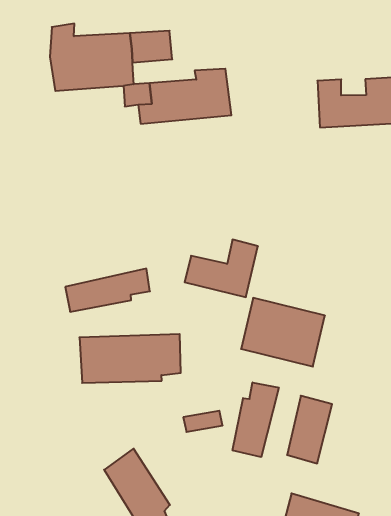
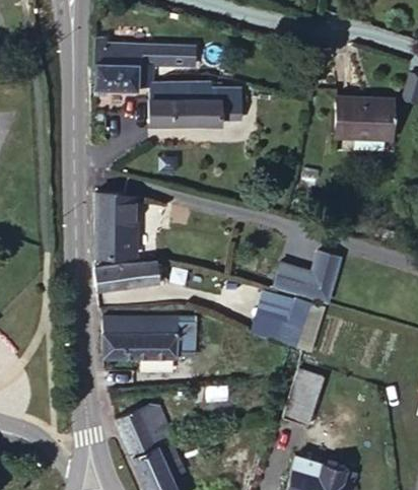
building: none -> [95,193,136,255]
building: [185,240,258,297] -> [274,249,341,300]
building: [233,382,279,457] -> none

